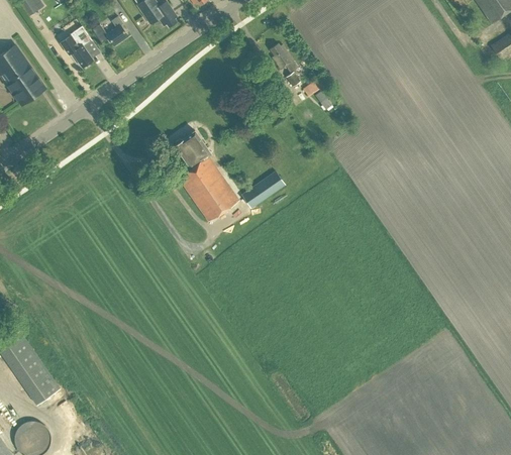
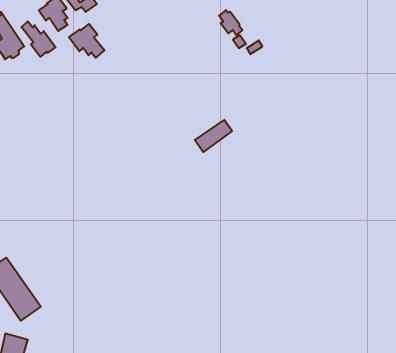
building: none -> [21,21,56,57]
building: none -> [69,24,104,58]
building: [175,131,238,222] -> none

